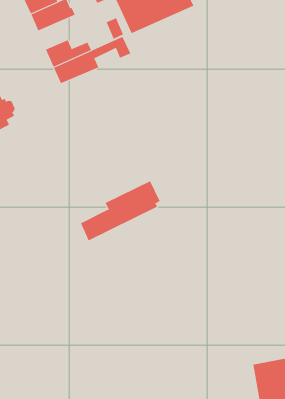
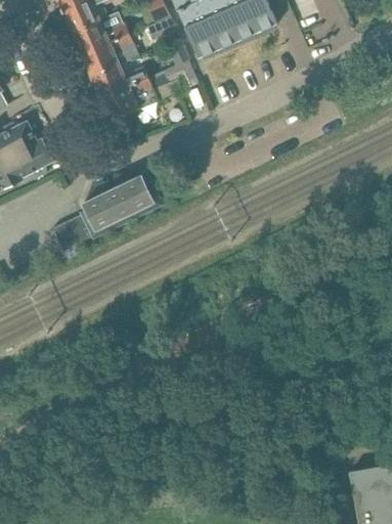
building: none -> [82,34,139,77]
building: [80,181,160,241] -> [53,174,154,250]

